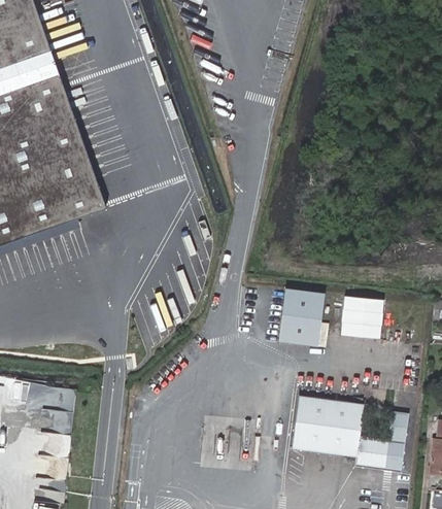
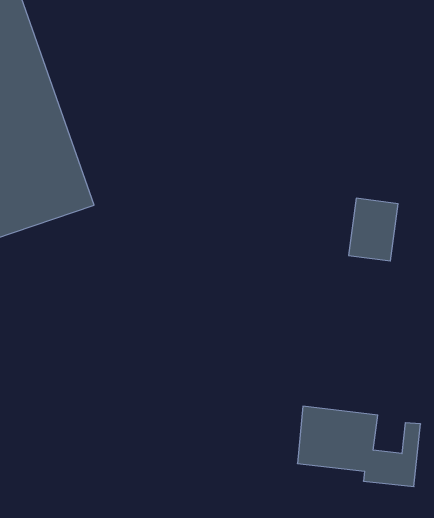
building: [278,287,325,346] -> [349,198,398,261]
building: [341,293,384,336] -> none

